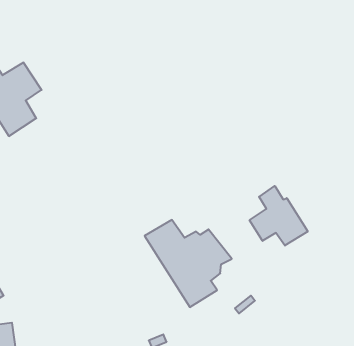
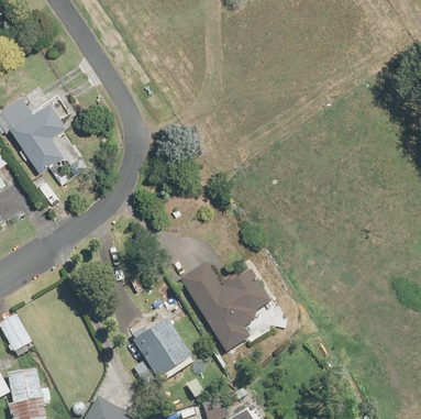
building: [250,186,308,246] -> none
building: none -> [131,311,198,378]

